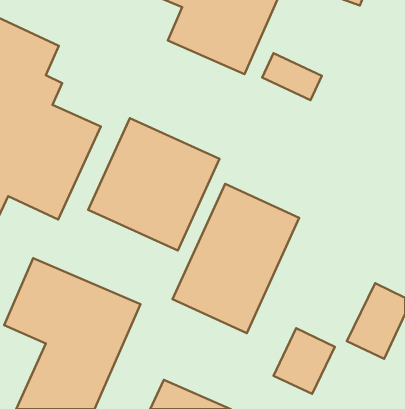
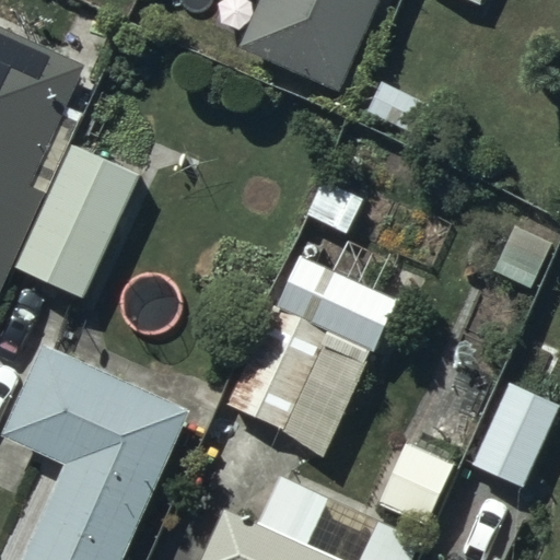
building: [88,118,219,251] -> none

